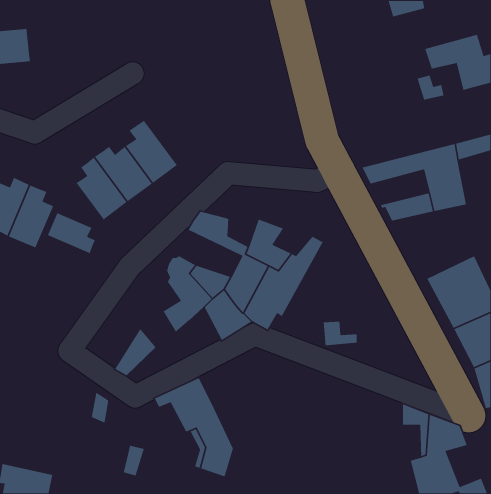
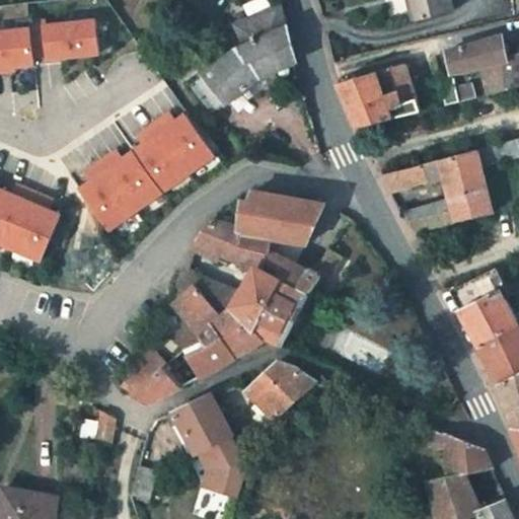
building: none -> [189,5,293,113]
building: none -> [27,21,97,60]
building: none -> [335,63,419,129]
building: none -> [151,113,213,173]
building: none -> [237,194,320,258]
building: [47,212,96,254] -> none
building: none -> [178,322,232,380]
building: none -> [133,364,183,403]
building: none -> [244,364,317,422]

